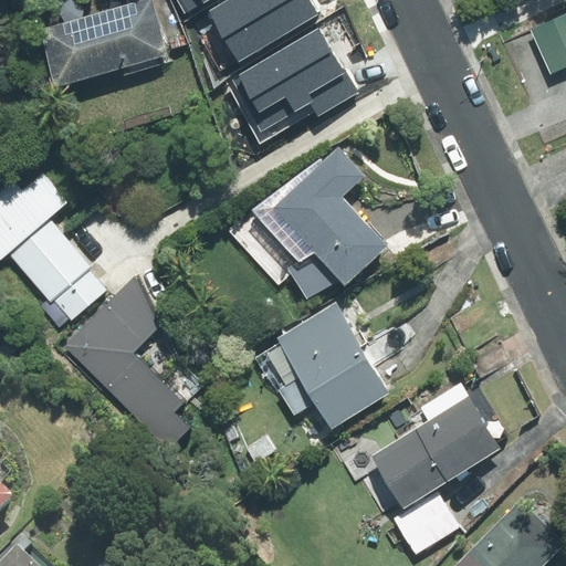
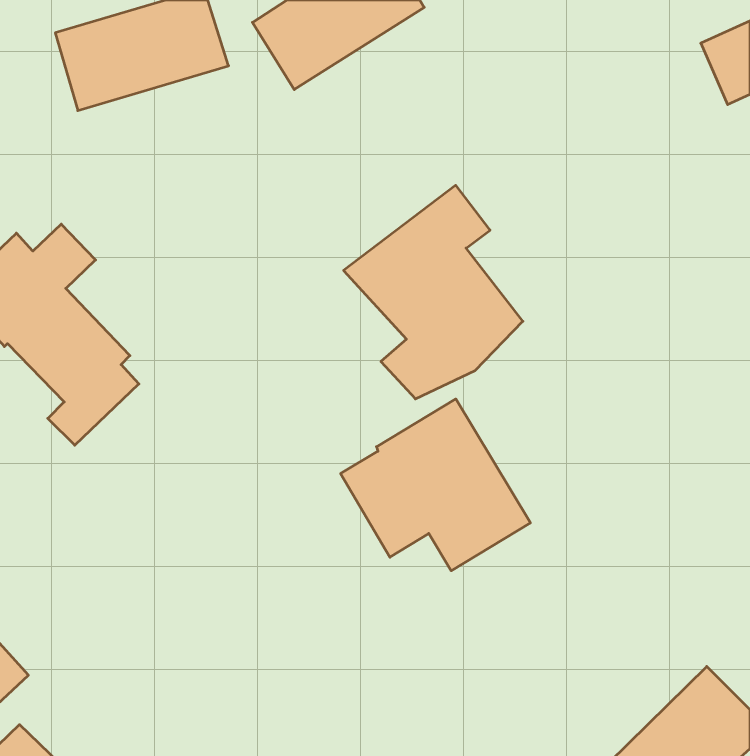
building: [237,27,354,130] -> none
building: [61,264,192,444] -> none
building: [369,381,504,557] -> none

